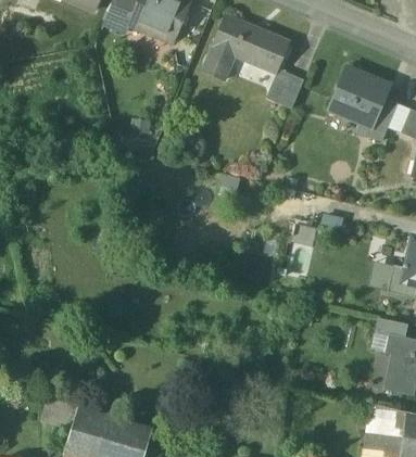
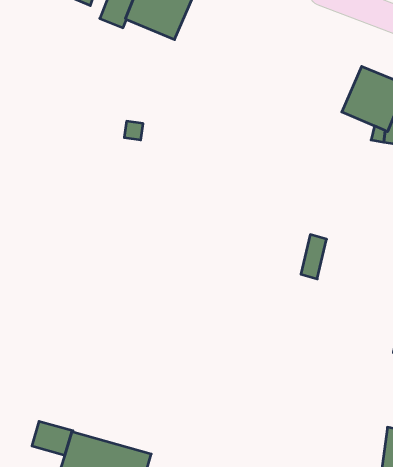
building: [201,15,288,79] -> none
building: [274,73,303,109] -> none

